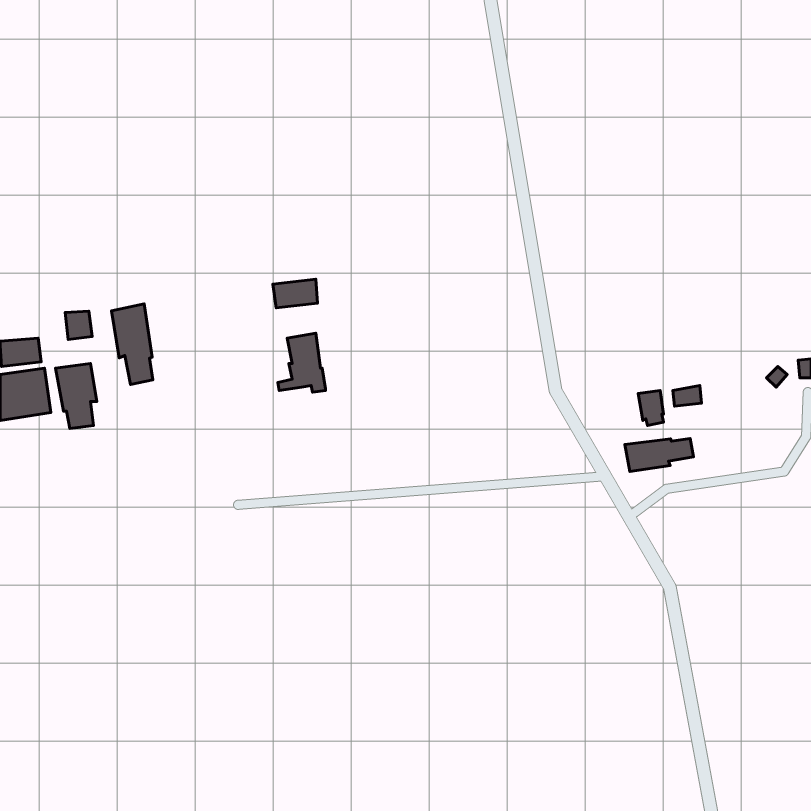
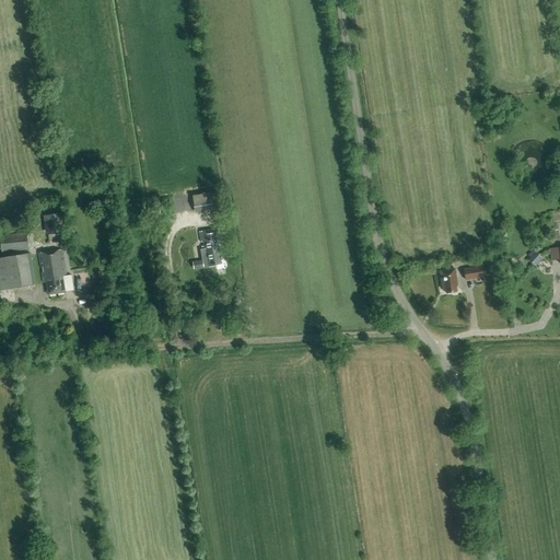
building: [111,304,153,385] -> none
building: [625,439,694,471] -> none

